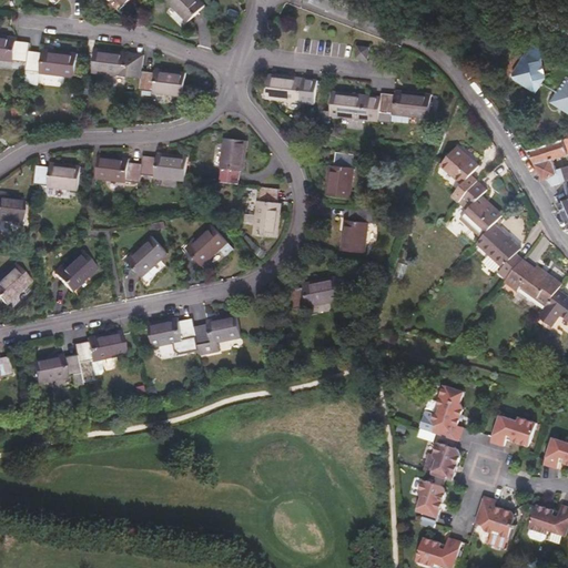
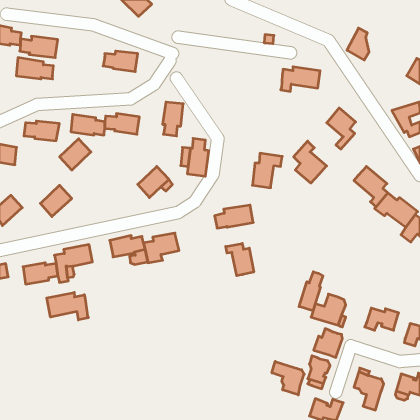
building: [92,48,142,77] -> [16,58,53,79]
building: [508,50,538,93] -> [347,28,369,60]
building: [265,74,315,102] -> none
building: [329,91,379,120] -> none
building: [325,152,353,197] -> none
building: [458,180,503,236] -> [294,141,327,183]
building: [125,235,168,277] -> [60,139,91,170]
building: none -> [226,243,254,276]
building: none -> [299,272,323,311]
building: none -> [47,292,88,320]
building: none -> [272,361,304,395]

